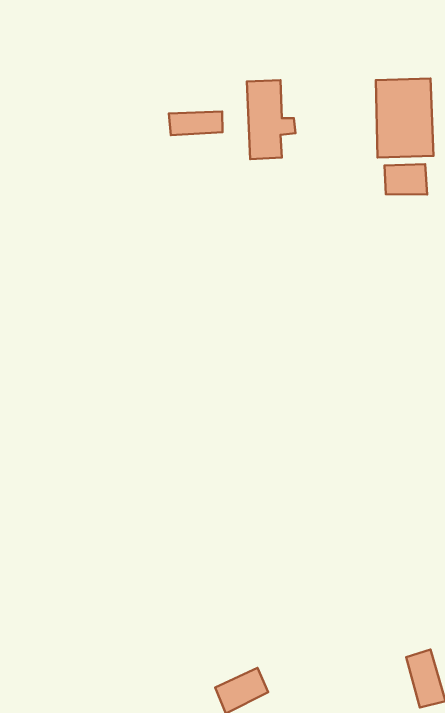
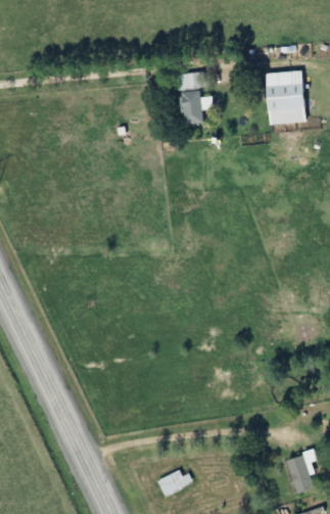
building: [169,111,222,135] -> none
building: [385,164,427,194] -> none

